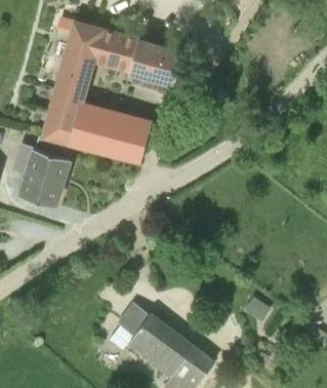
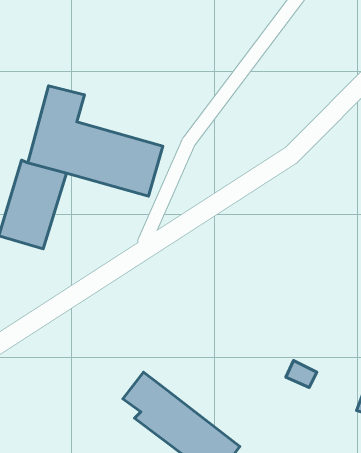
building: [59,23,182,84] -> none

